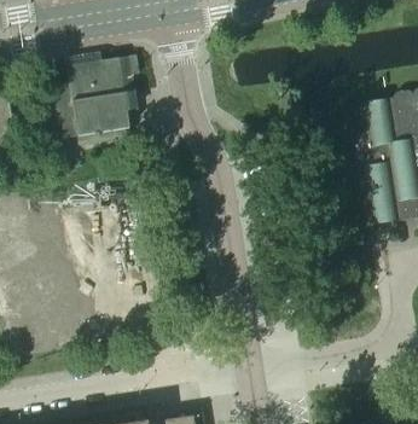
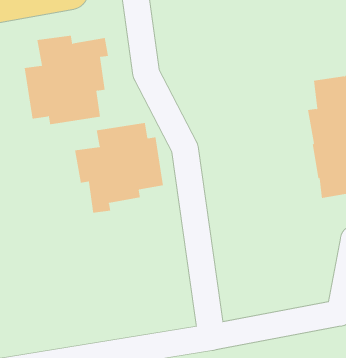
building: none -> [74,122,164,214]

